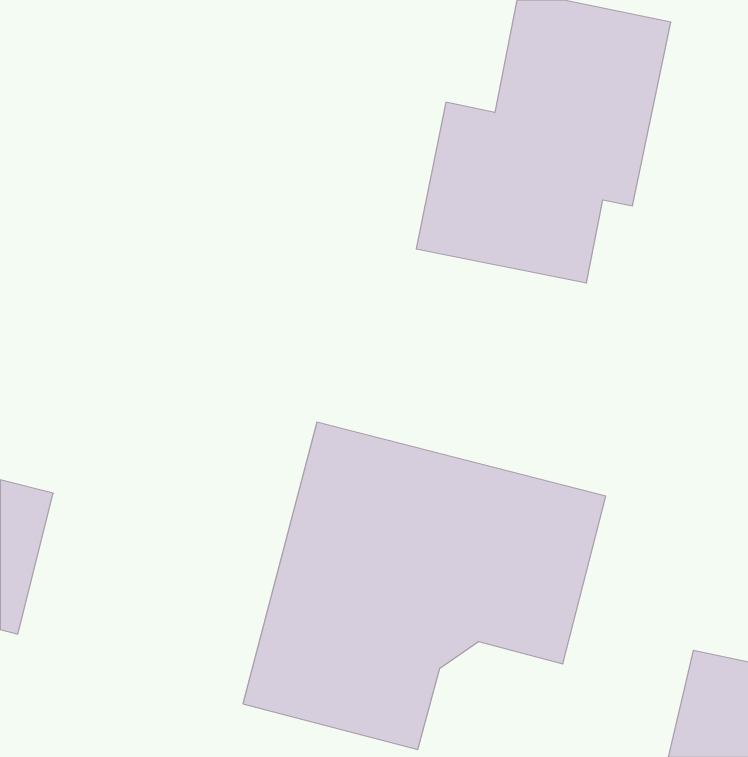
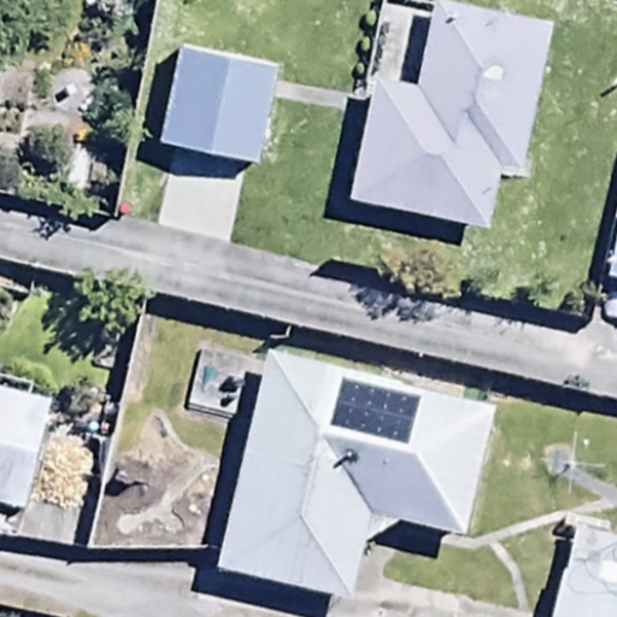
building: none -> [158,45,284,164]

